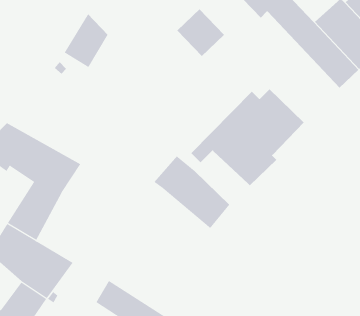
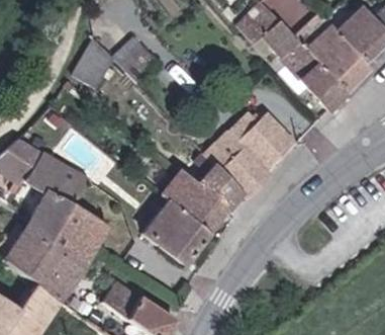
building: [177,9,225,57] -> [117,36,162,81]
building: none -> [196,166,245,216]
building: none -> [139,200,210,267]
building: none -> [50,204,110,269]

